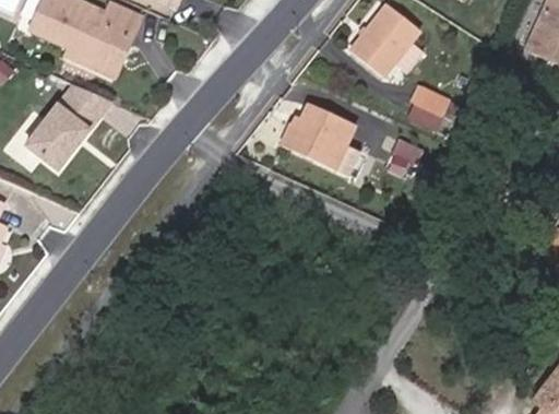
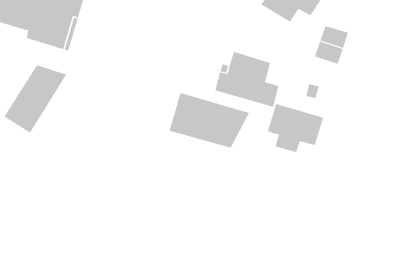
building: none -> [169,92,250,149]
building: none -> [267,103,324,153]

